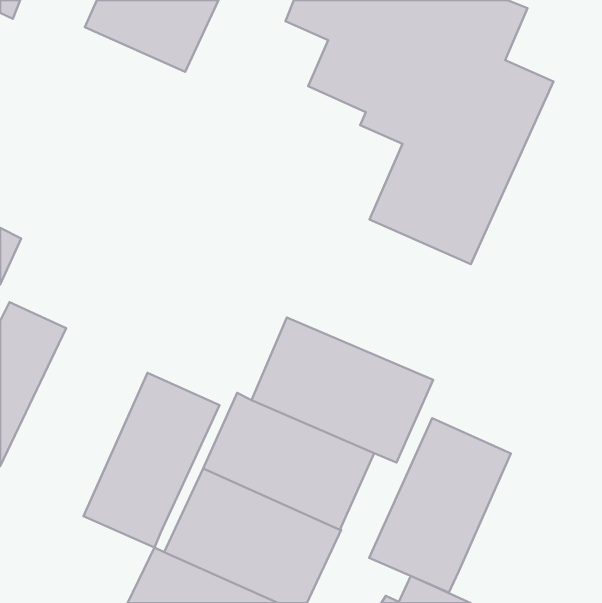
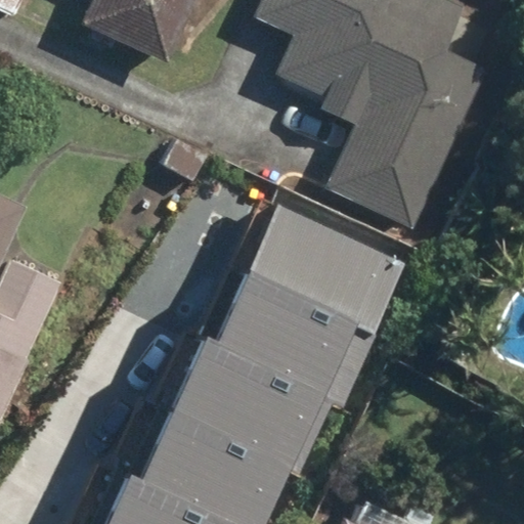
building: none -> [250,198,409,330]
building: [83,373,220,548] -> none
building: [369,418,511,592] -> none

